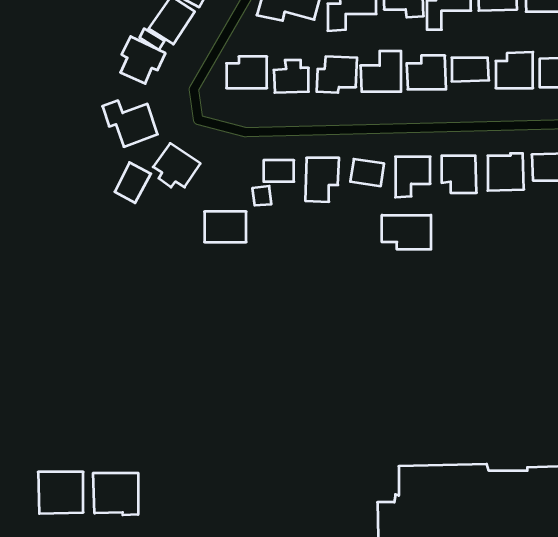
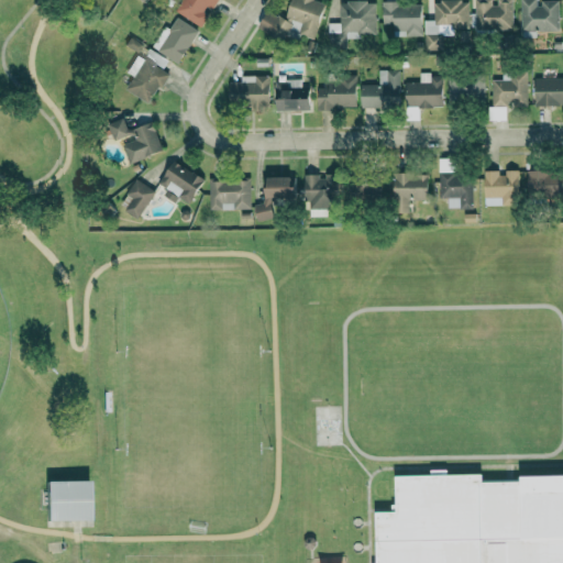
building: [204,212,246,242] -> [210,180,251,210]
building: [382,215,431,249] -> none
building: [93,473,138,515] -> none

